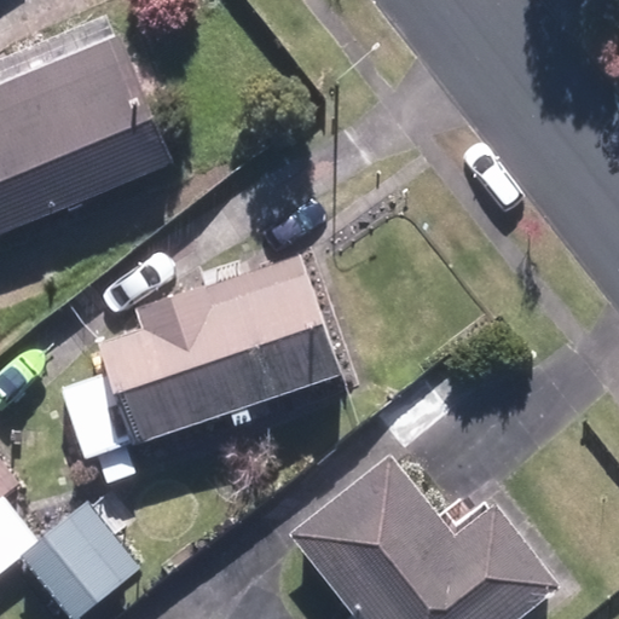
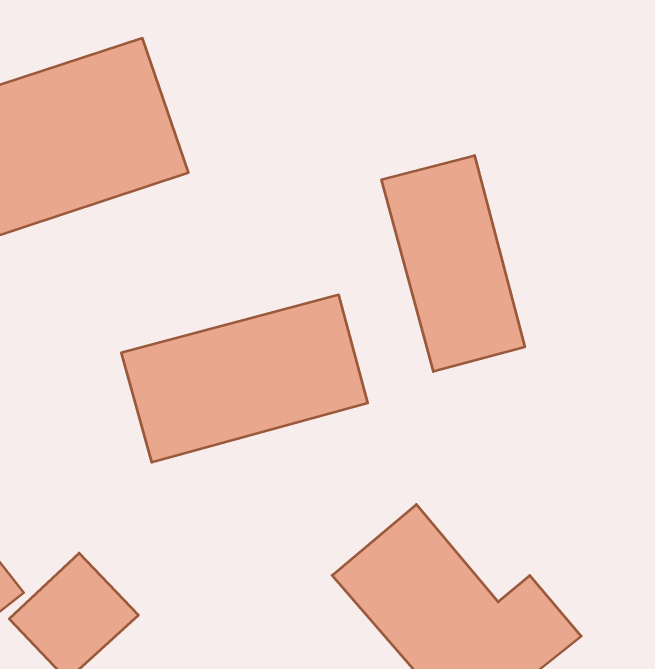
building: none -> [382,155,525,372]

